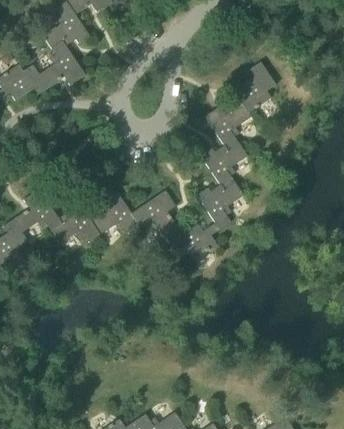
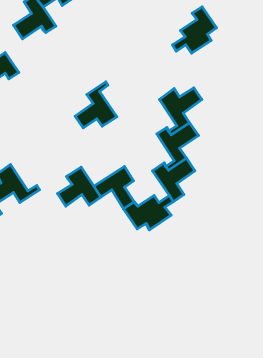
building: [39,35,85,86] -> [75,82,117,128]
building: [227,61,276,112] -> [172,7,217,53]
building: [49,199,100,244] -> none

